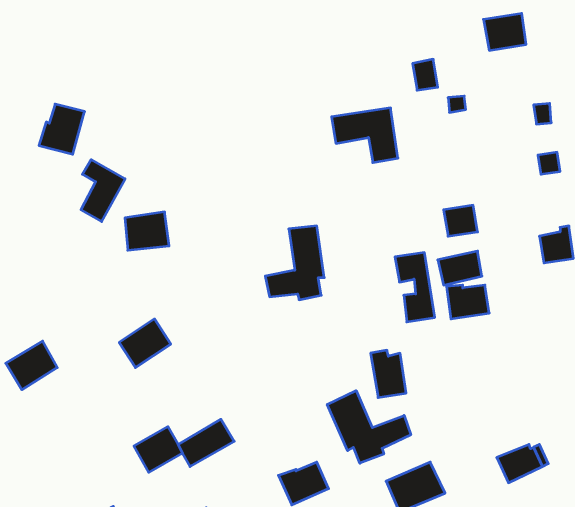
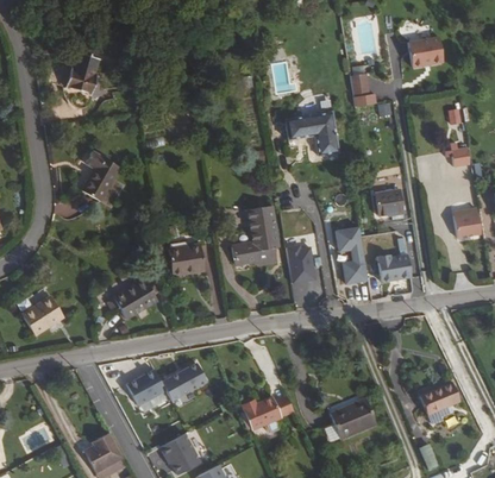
building: [39,104,85,154] -> [59,51,96,92]
building: [125,212,169,250] -> [168,245,203,276]
building: [371,350,406,398] -> [286,246,314,284]
building: [327,391,411,463] -> none

